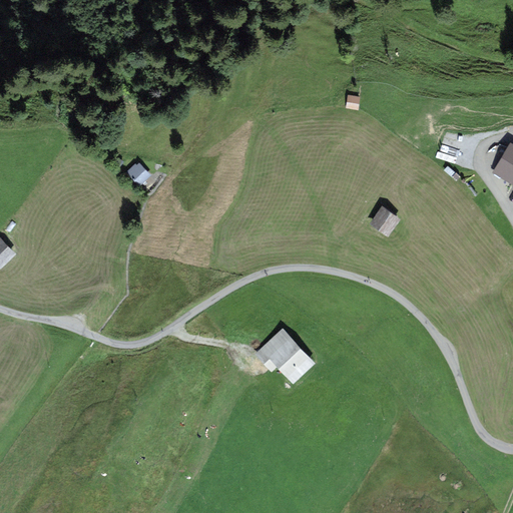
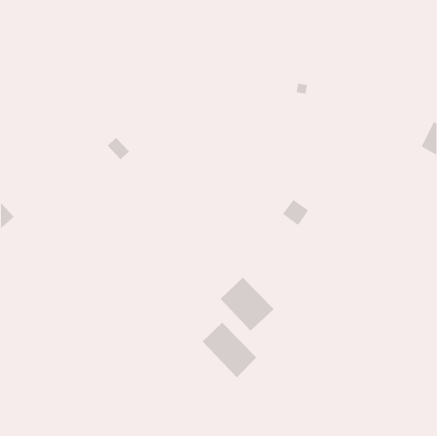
building: [369,206,400,237] -> [282,199,309,226]
building: none -> [202,322,257,378]

